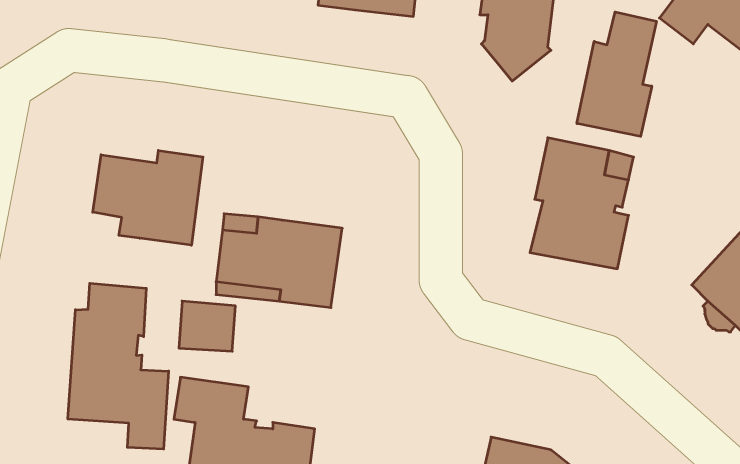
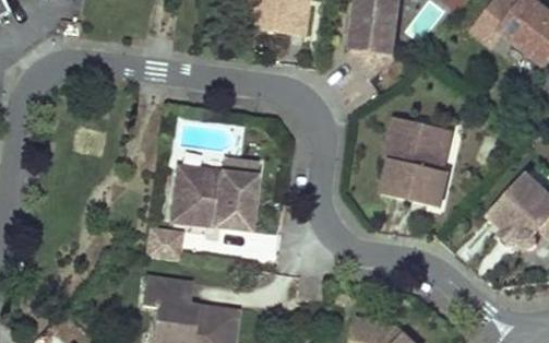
building: [577,12,656,136] -> none
building: [93,150,203,245] -> none
building: [68,283,169,449] -> none

